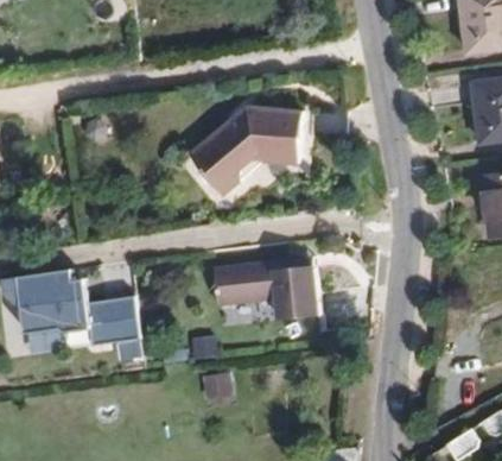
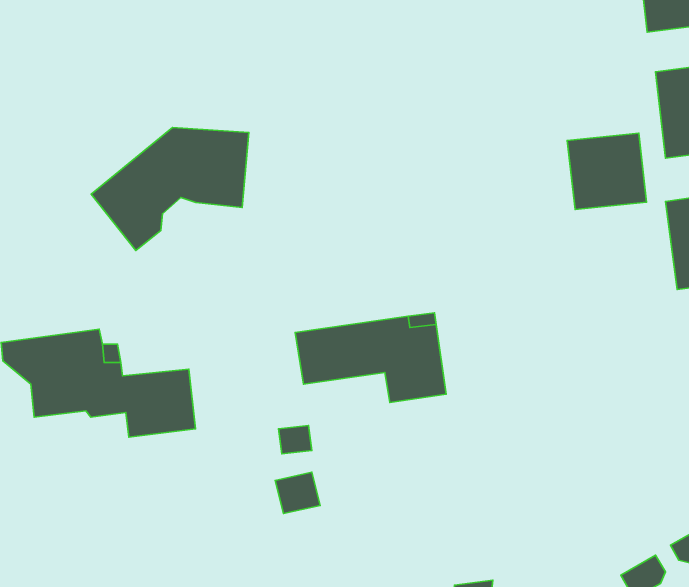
building: [190,107,303,195] -> [91,128,249,251]
building: none -> [567,133,647,209]

